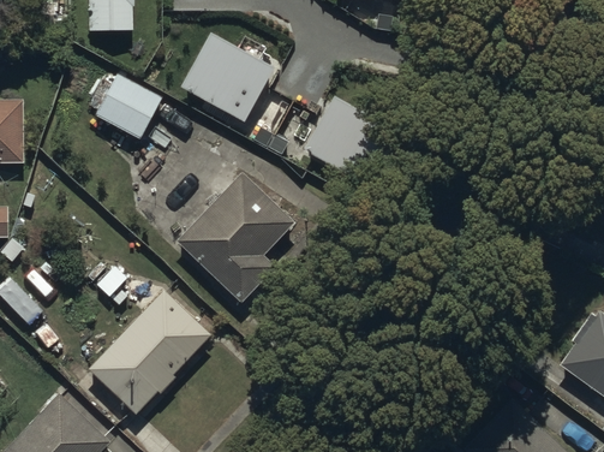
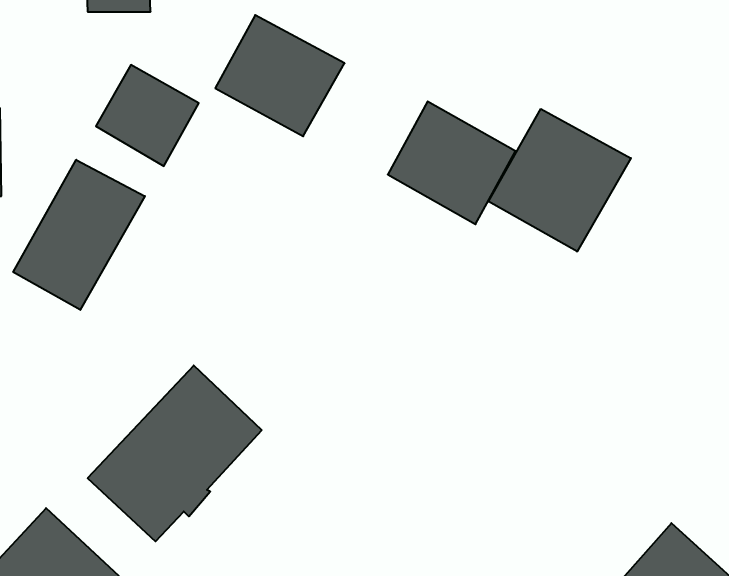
building: none -> [489,109,631,252]
building: none -> [13,160,145,310]
building: [178,172,297,304] -> none

